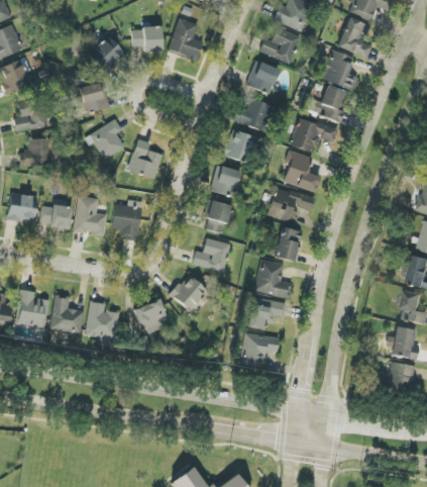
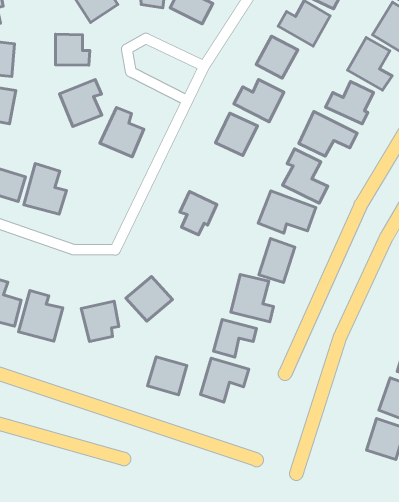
building: [211,166,239,196] -> none
building: [111,200,142,241] -> none
building: [192,238,229,272] -> none
building: none -> [148,357,187,395]

